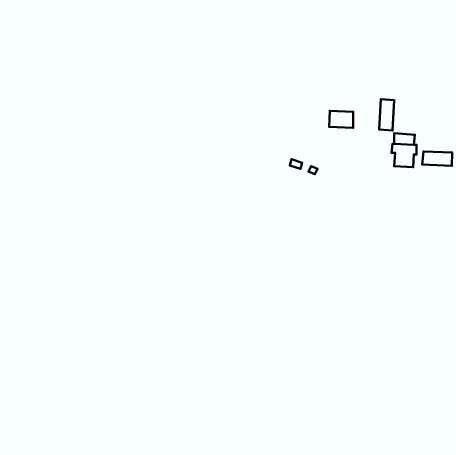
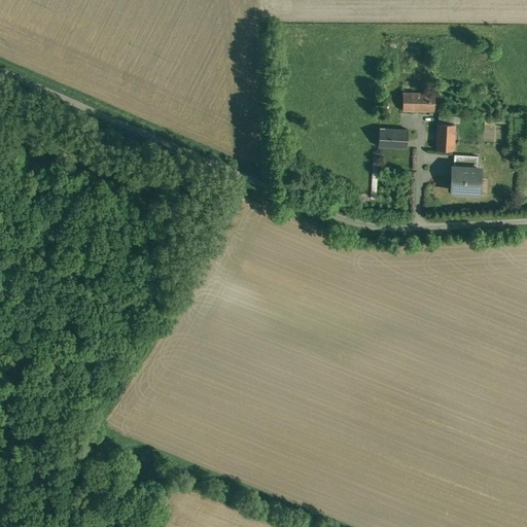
building: none -> [401,94,433,113]
building: [422,151,452,166] -> none

